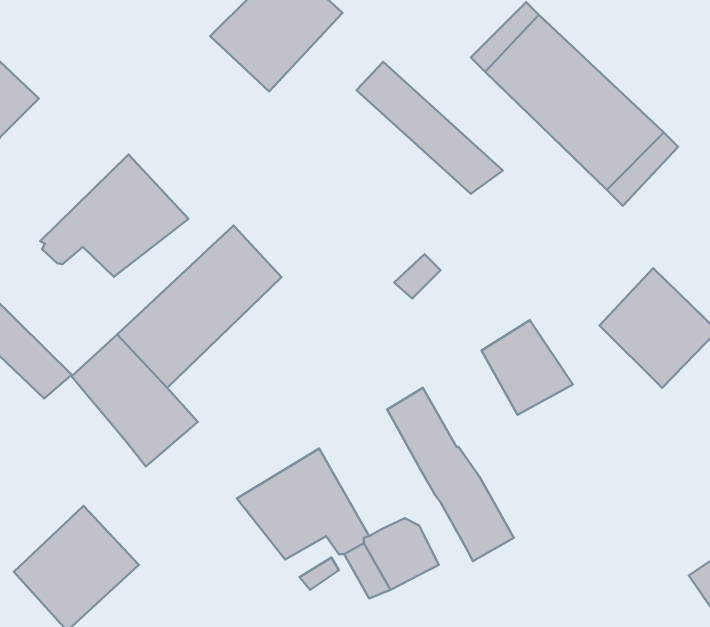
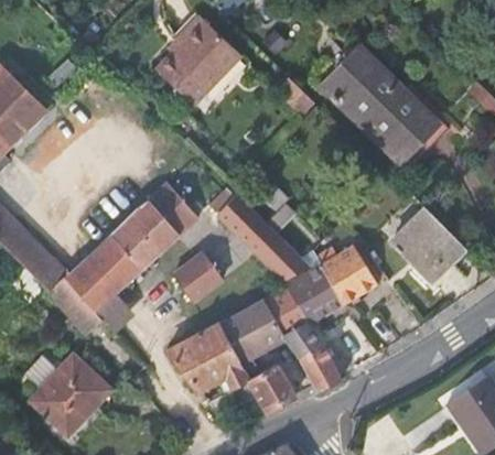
building: [356,62,503,194] -> [215,195,305,277]
building: [40,155,189,277] -> none
building: none -> [174,252,222,299]
building: none -> [286,260,344,319]
building: none -> [52,275,103,331]
building: none -> [222,296,284,375]

